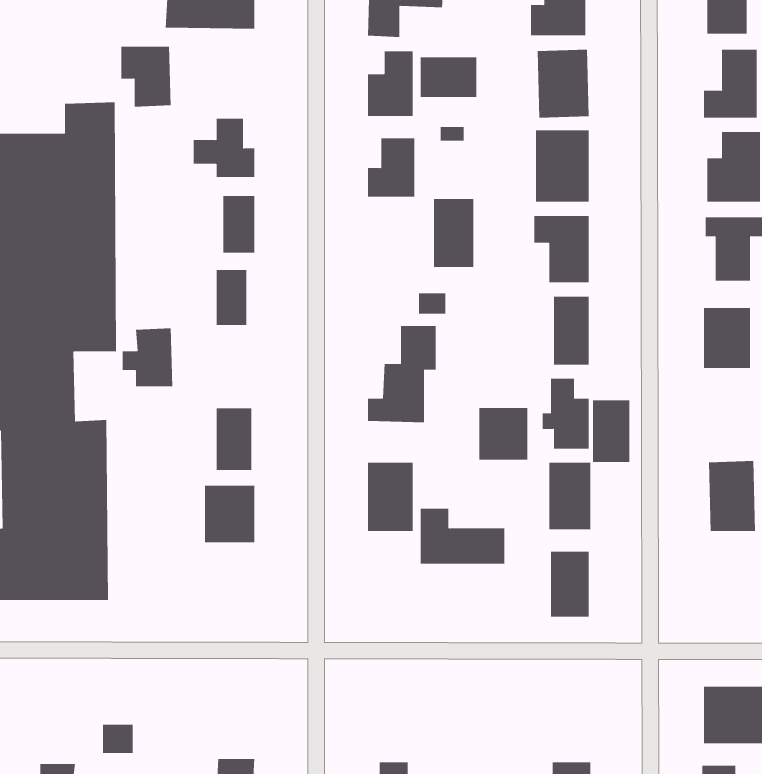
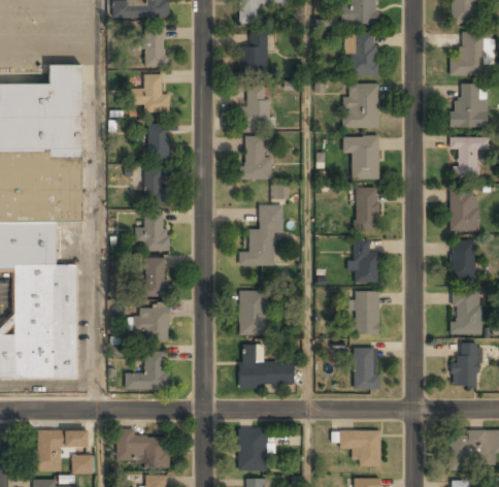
building: [121,46,172,107] -> [136,29,168,67]
building: [420,56,477,98] -> none
building: [433,198,474,267] -> [244,136,270,180]
building: [122,328,173,387] -> [136,214,168,251]
building: [592,400,630,462] -> [452,240,475,280]
building: [479,407,528,460] -> none
building: [420,508,505,564] -> [240,351,294,386]
building: none -> [452,344,478,388]
building: none -> [126,352,170,389]
building: none -> [117,429,169,468]
building: none -> [36,430,88,472]
building: none -> [239,430,265,470]
building: none -> [336,430,380,465]

